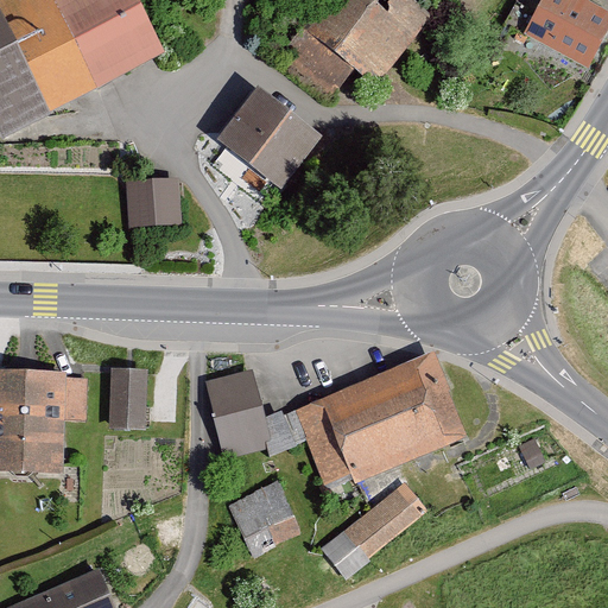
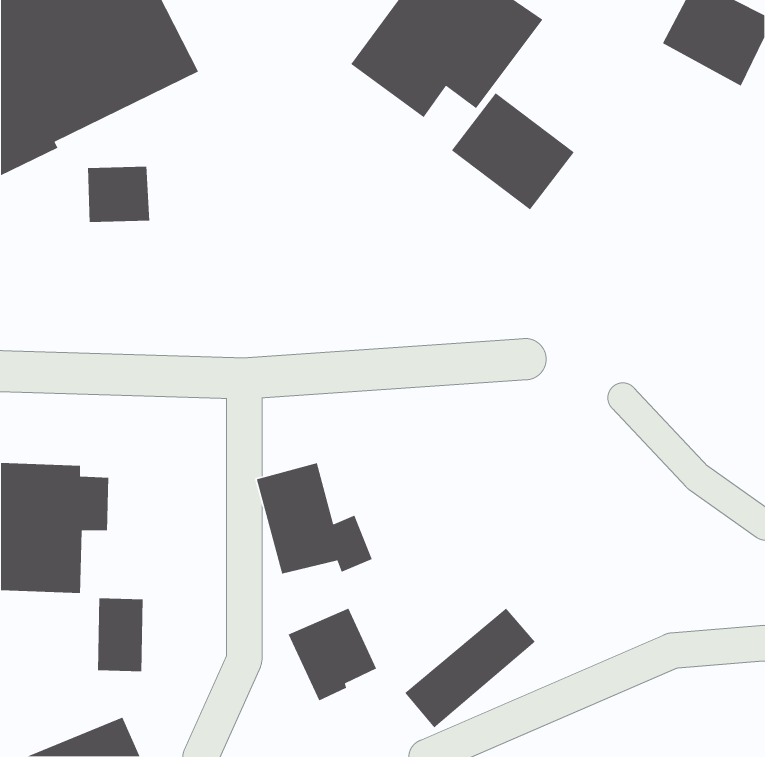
building: [217,94,316,188] -> [451,92,575,210]
building: [127,183,177,228] -> [87,166,150,223]
building: [292,350,466,483] -> none
building: [109,367,146,426] -> [97,597,144,672]

